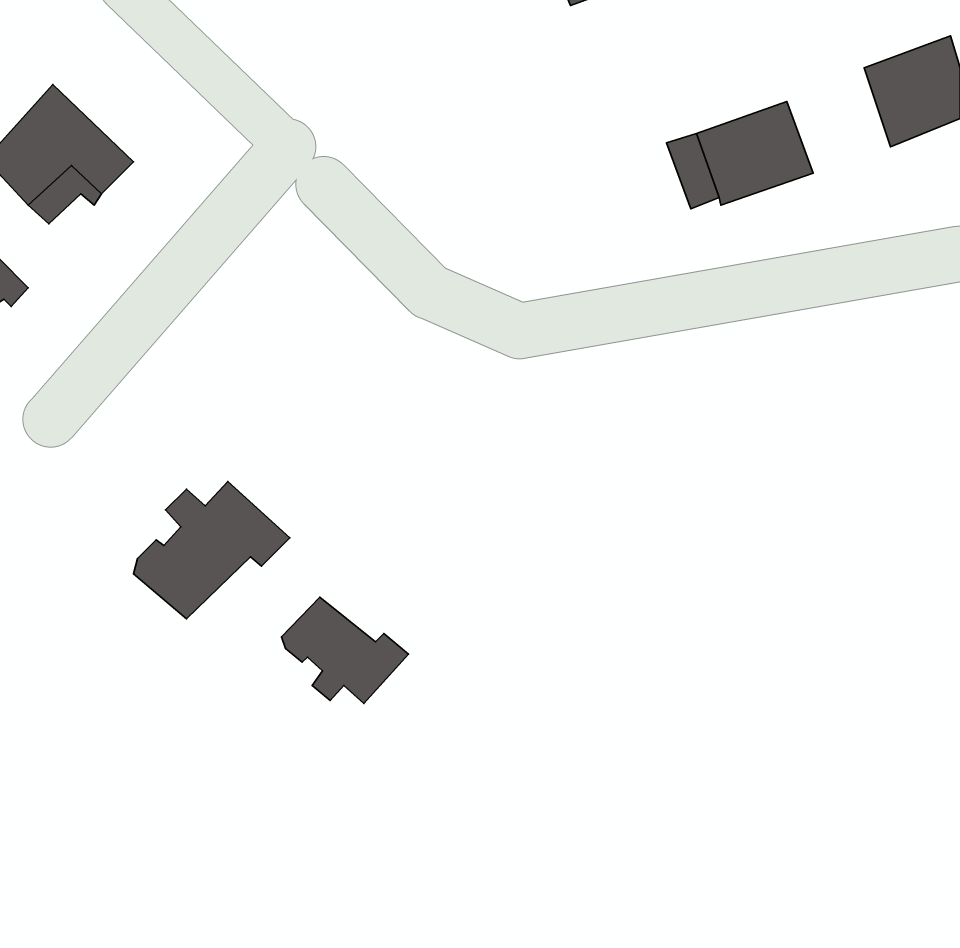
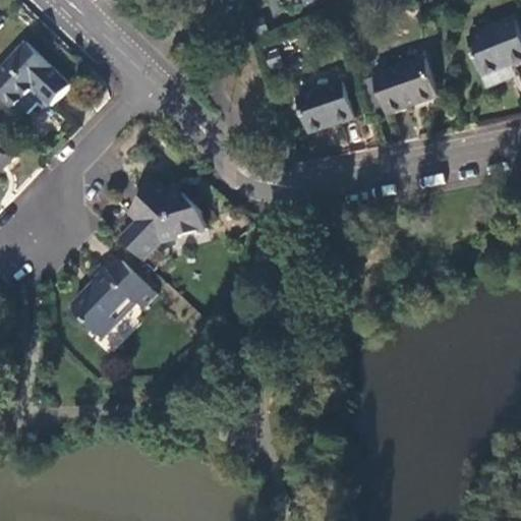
building: none -> [300,78,355,130]
building: none -> [118,181,206,256]
building: [281,597,409,703] -> none

